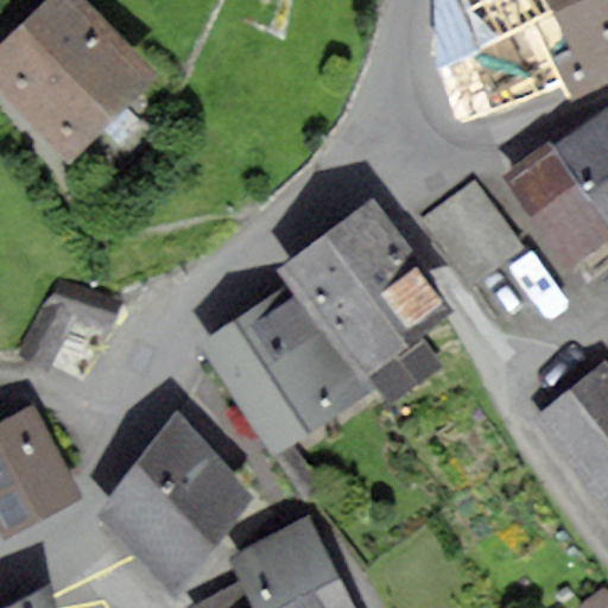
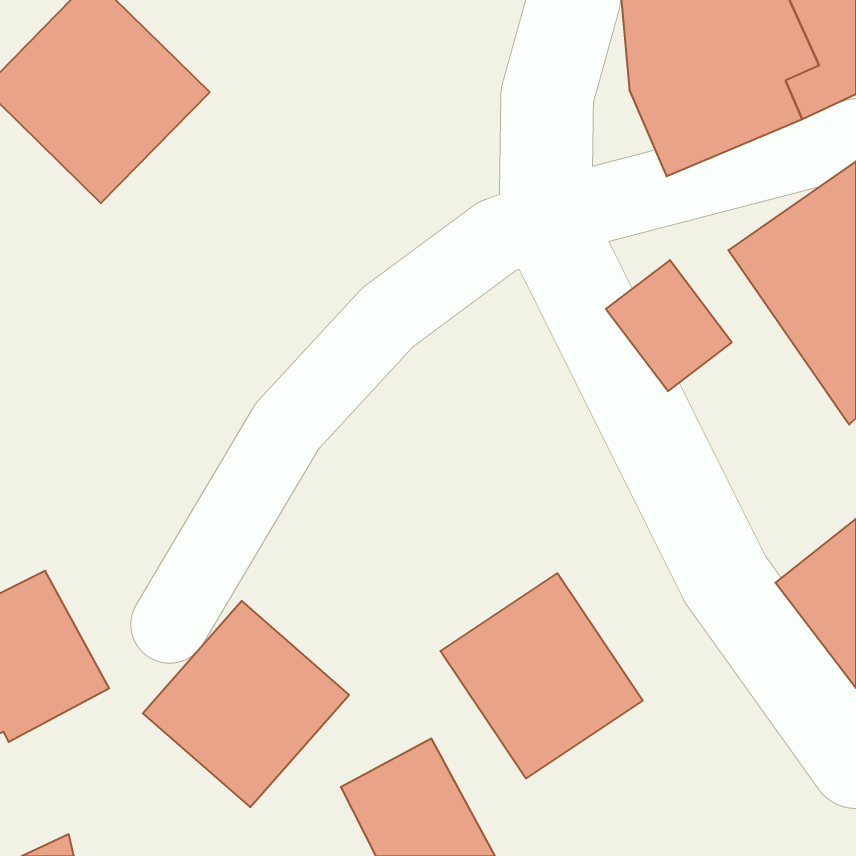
building: [296,207,448,363] -> none
building: [209,291,355,442] -> none
building: none -> [440,573,643,778]

